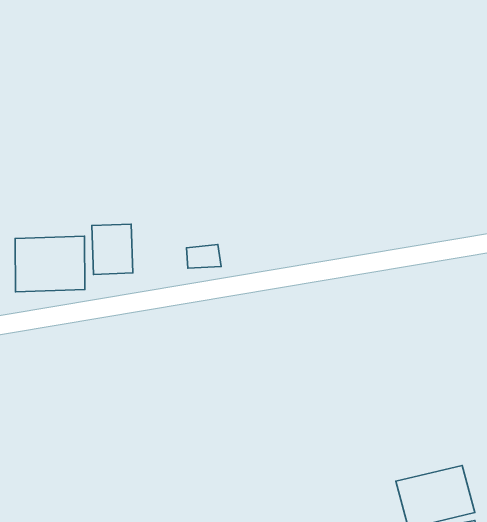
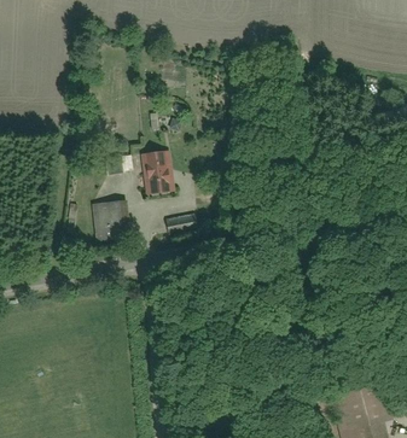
building: none -> [144,151,171,192]
building: [15,236,85,292] -> none

